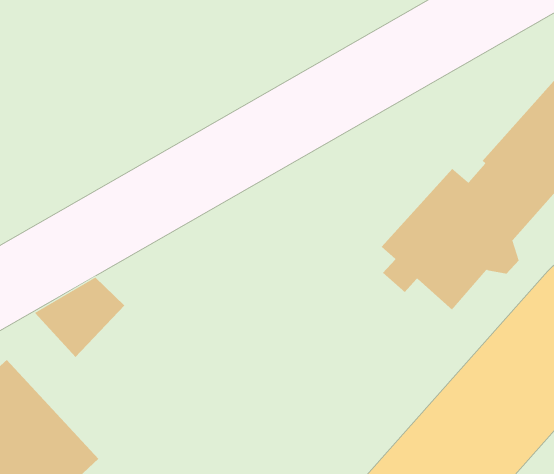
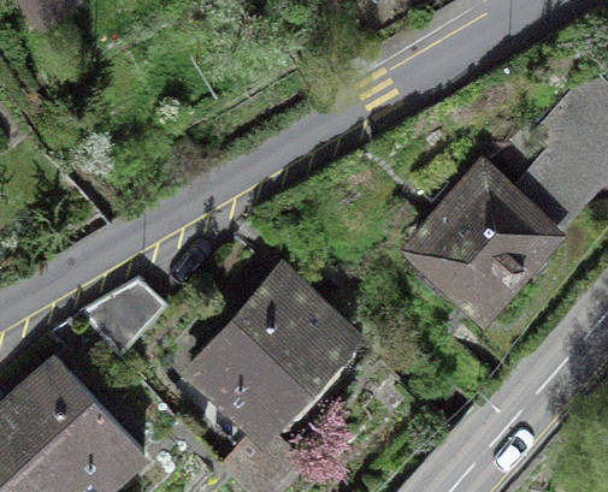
building: none -> [194,275,349,432]

